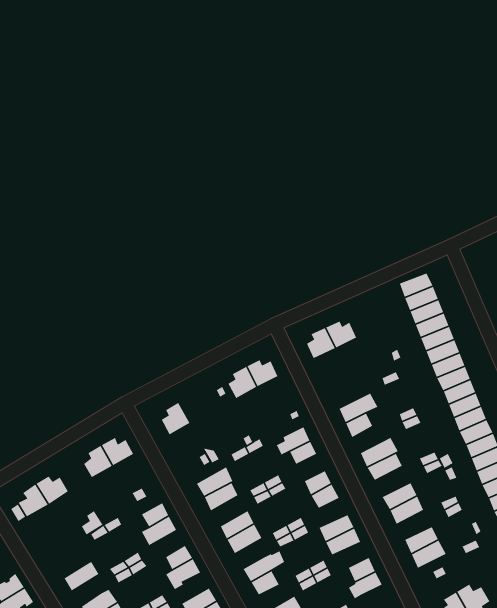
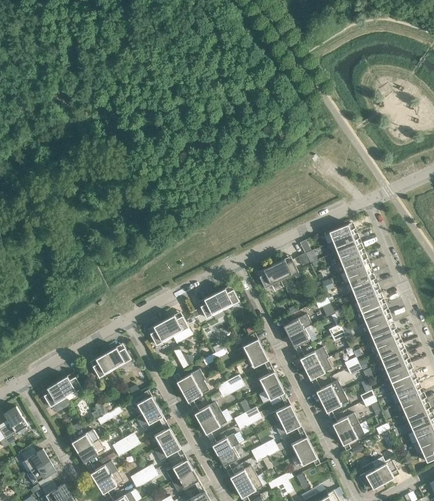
building: none -> [163,315,192,344]
building: none -> [68,430,98,453]

